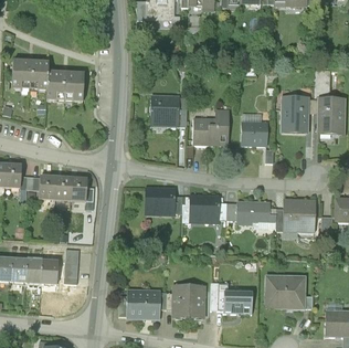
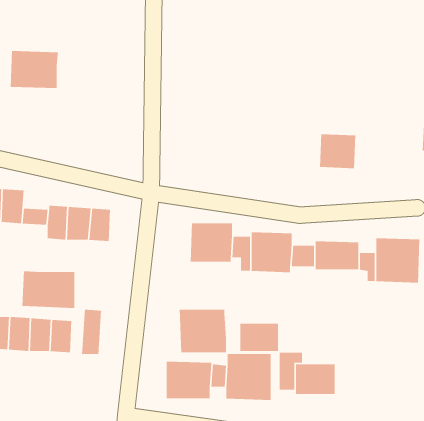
building: [45,70,83,99] -> none
building: [150,94,180,127] -> none
building: [279,95,309,133] -> none
building: [193,109,229,145] -> none
building: none -> [22,270,75,309]
building: none -> [179,309,227,353]
building: none -> [240,323,279,352]
building: [265,275,306,309] -> none

